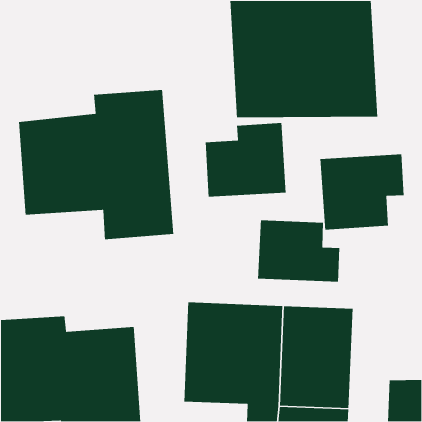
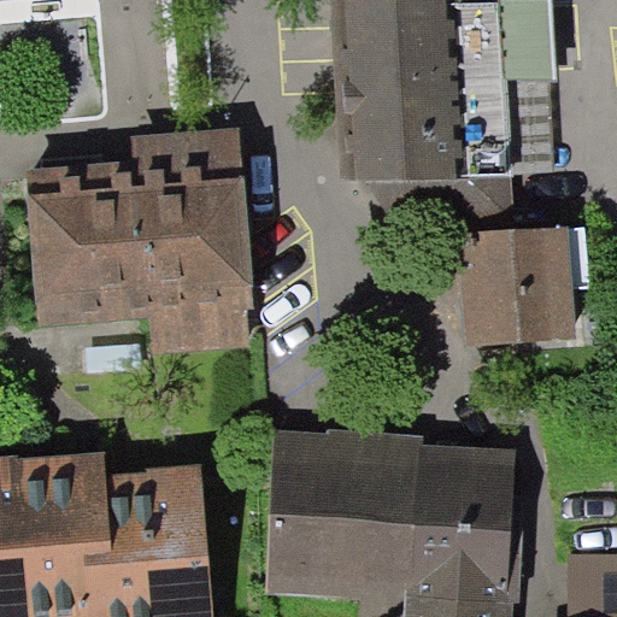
building: [205,122,286,197] -> none
building: [257,219,340,282] -> none

